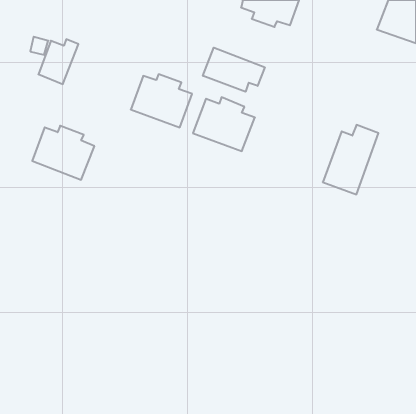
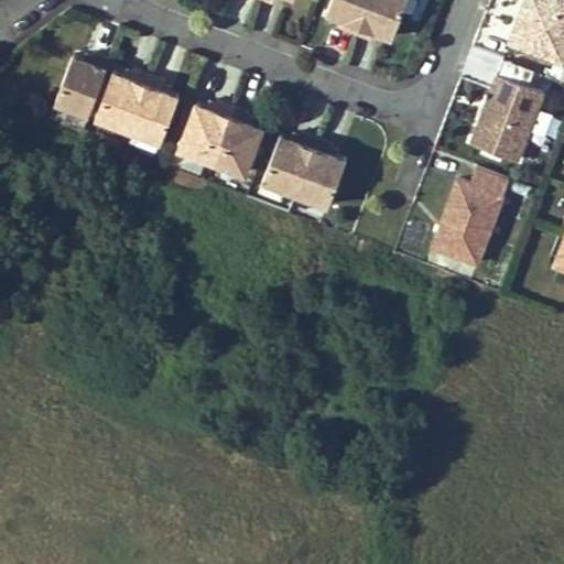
building: [203,48,265,92] -> none
building: none -> [470,77,545,163]
building: [32,126,94,180] -> [91,73,175,145]

